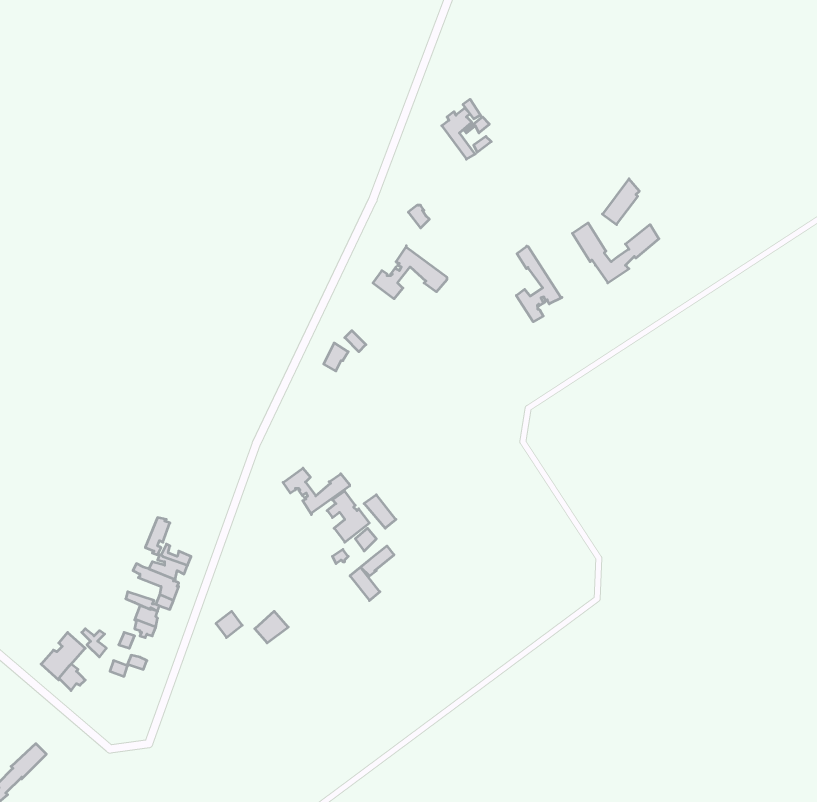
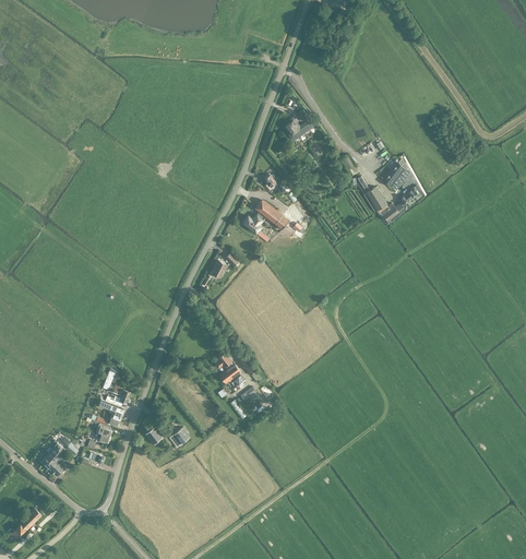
building: [516,246,562,322] -> none
building: [283,468,350,515] -> none

